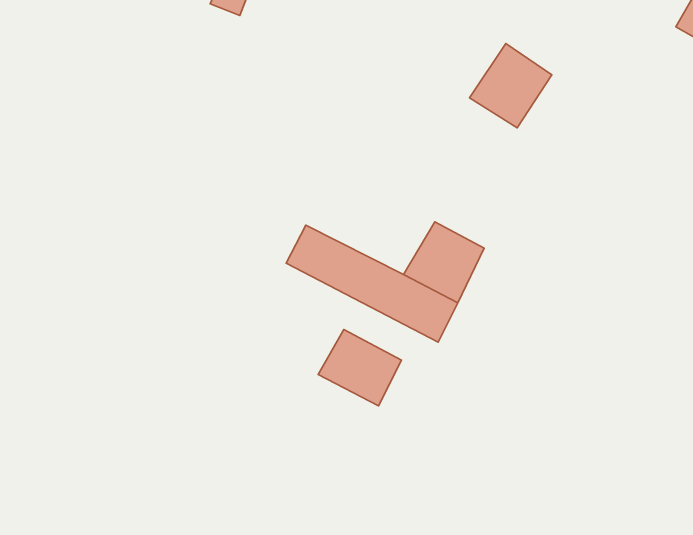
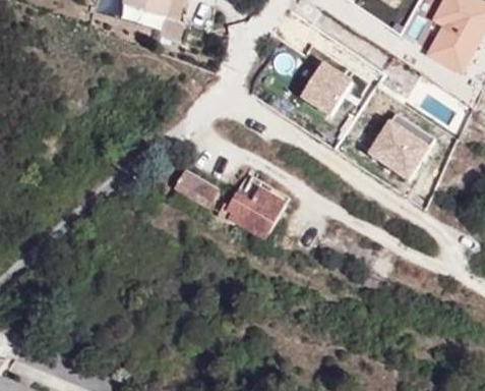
building: none -> [368,110,433,176]
building: [318,330,402,406] -> none

